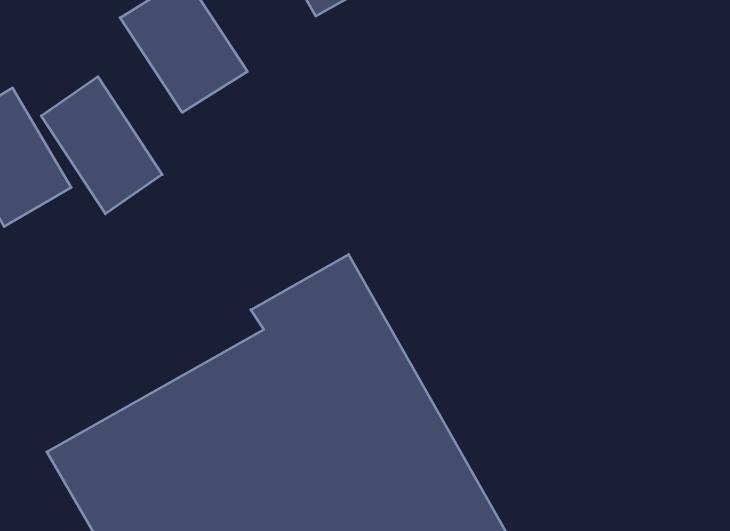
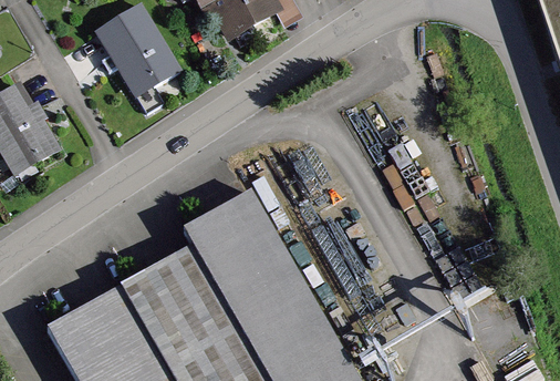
building: [41,77,162,214] -> none

